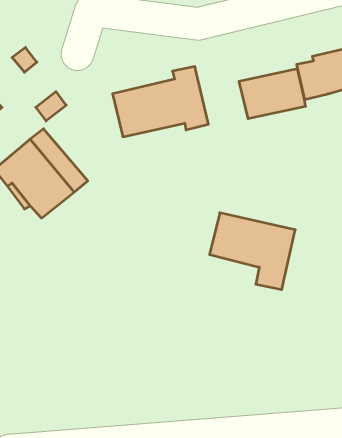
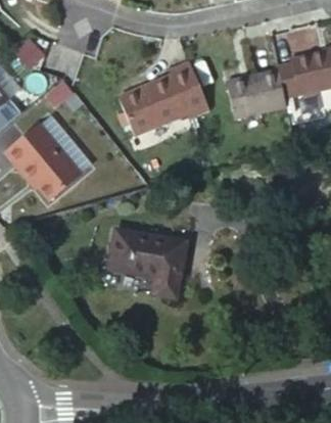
building: [210,213,295,290] -> [109,234,187,303]

